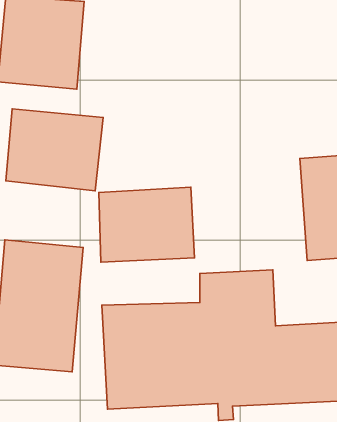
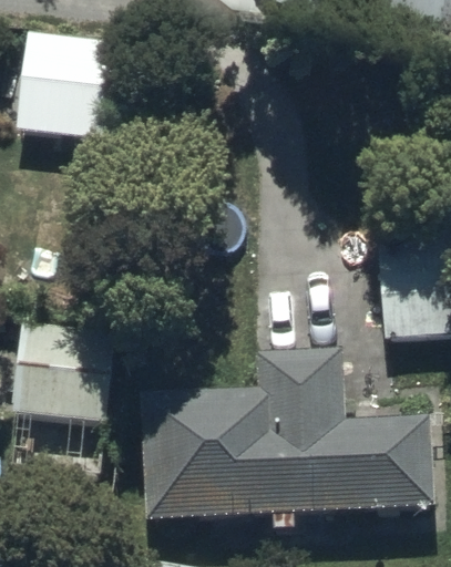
building: [6,109,103,191] -> none
building: [99,187,195,262] -> none

